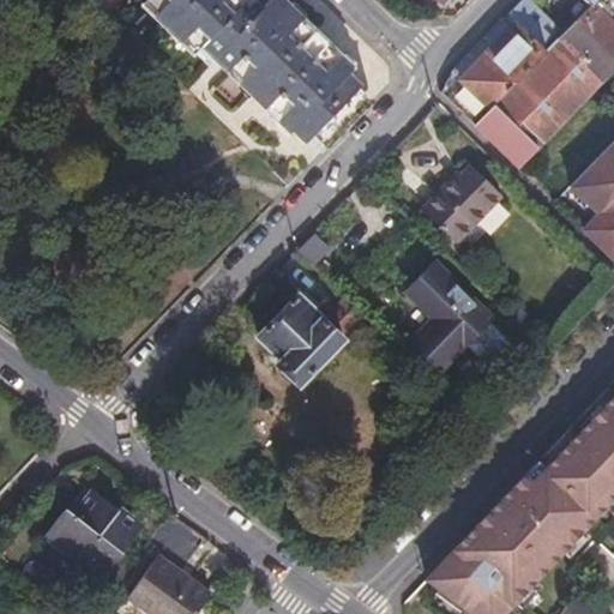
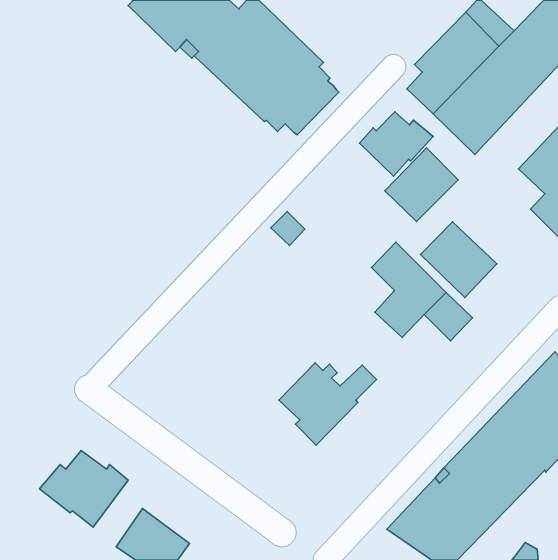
building: none -> [360,112,433,176]
building: none -> [420,222,497,298]
building: [258,296,365,386] -> [279,363,377,445]

